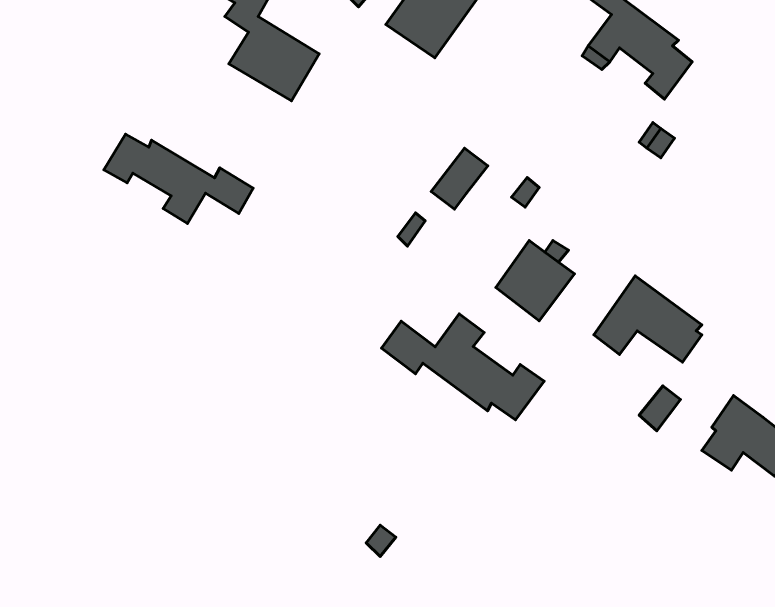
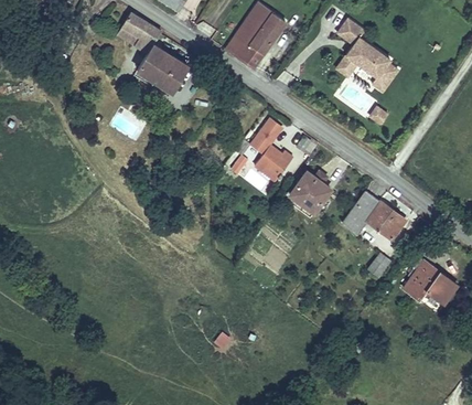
building: [104,134,253,223] -> none
building: none -> [254,145,293,182]
building: [382,314,544,420] -> none

